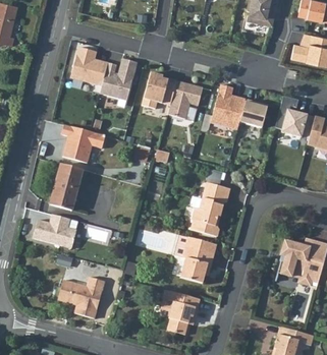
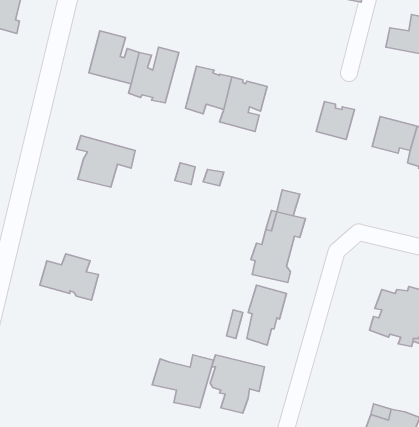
building: [209,85,244,130] -> none
building: [49,165,83,211] -> none
building: [59,277,105,316] -> [152,355,213,408]

